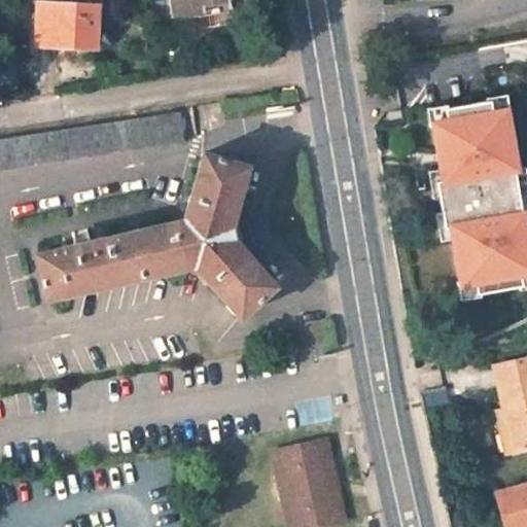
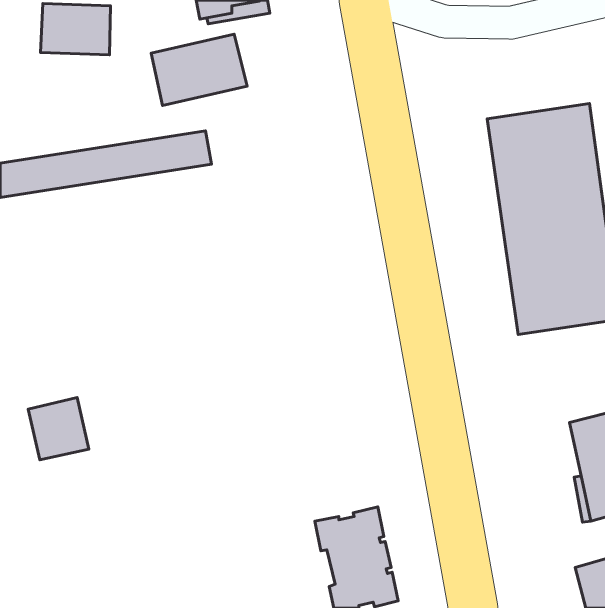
building: none -> [151,34,247,106]
building: [37,153,276,317] -> none
building: none -> [28,398,89,460]

